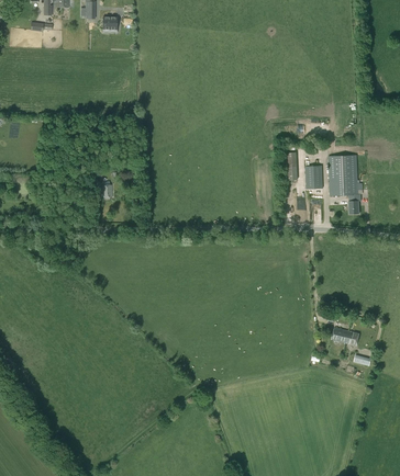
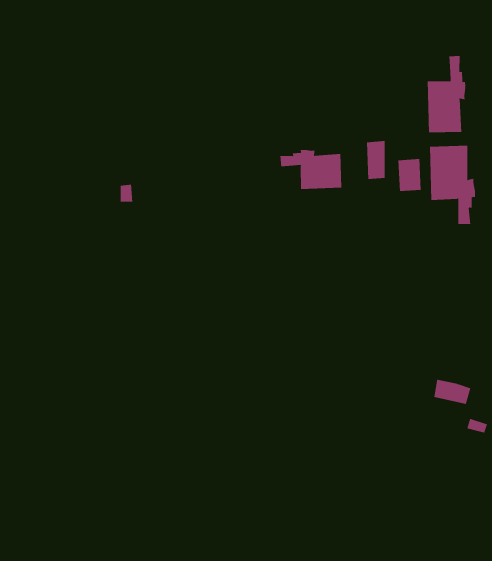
building: none -> [427,55,466,133]
building: none -> [280,149,342,190]

